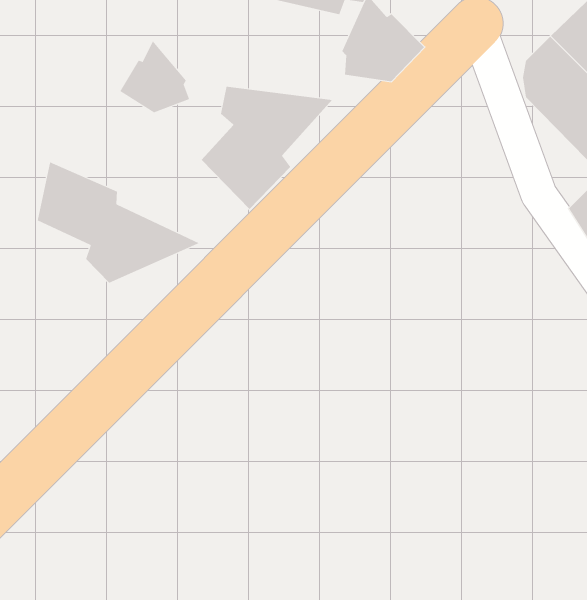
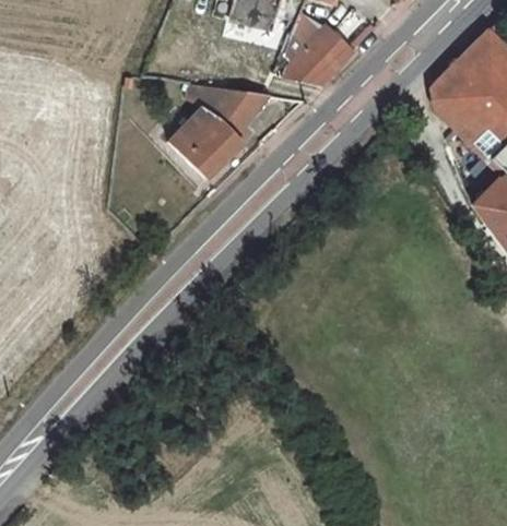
building: [120,41,190,113] -> none
building: [37,162,200,284] -> none

